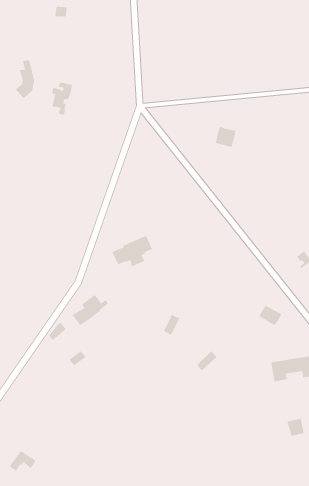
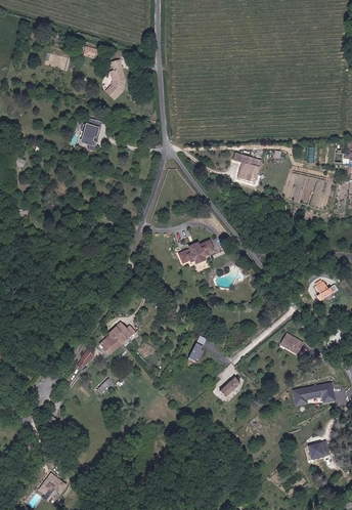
building: [15,60,35,99] -> [105,61,125,99]
building: [111,235,153,267] -> [178,236,218,266]

